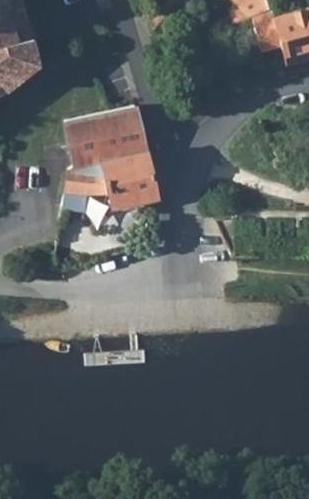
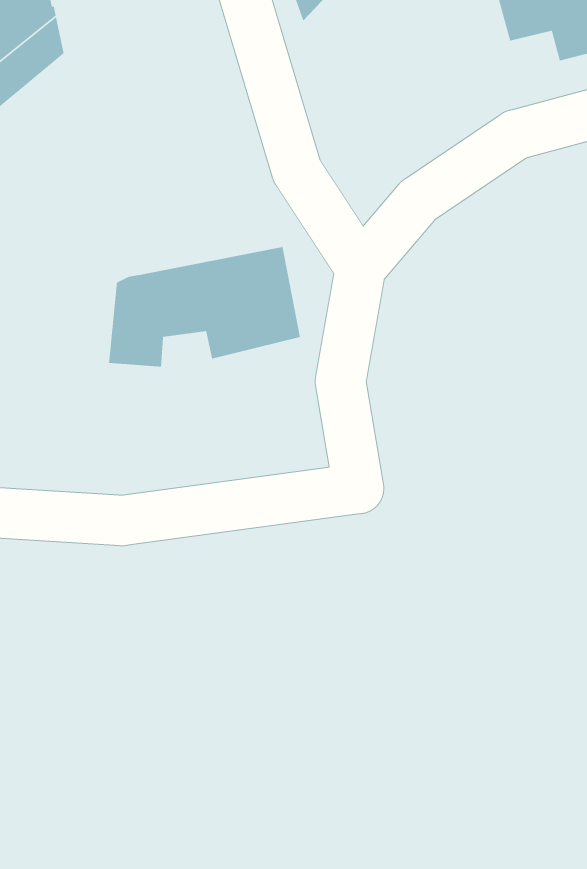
building: [67,108,149,169] -> none

